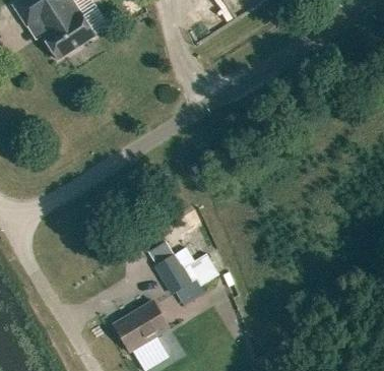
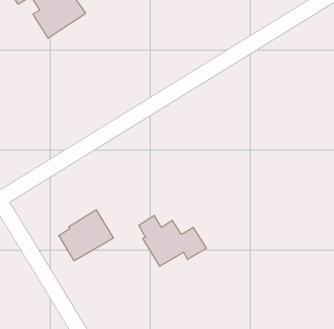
building: [114,301,170,353] -> [59,210,114,261]

